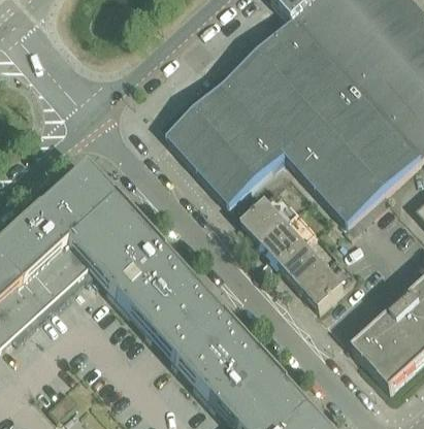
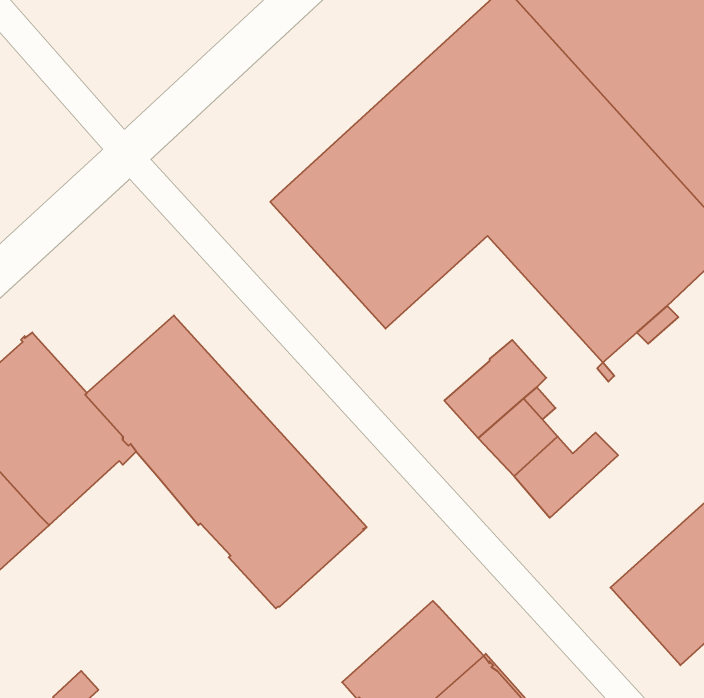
building: [36,162,113,237] -> none
building: [241,186,289,241] -> none
building: [169,310,255,395] -> none

